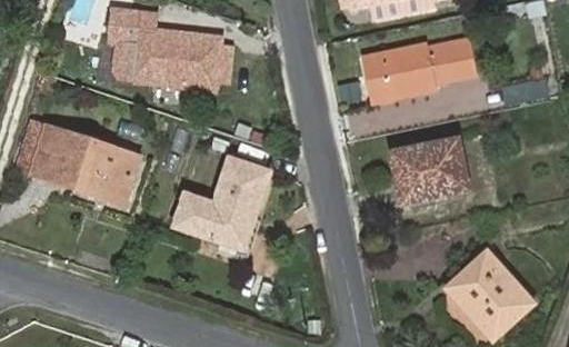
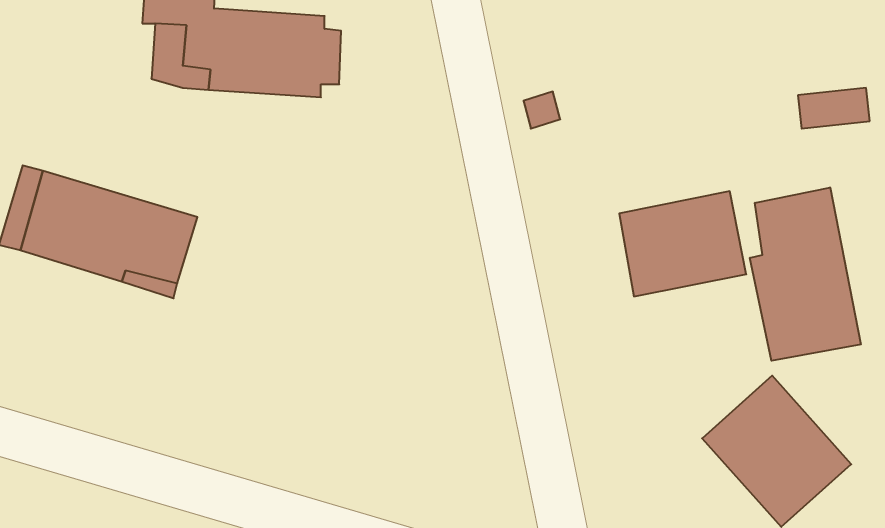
building: [362,38,473,100] -> none
building: none -> [750,187,861,361]
building: [177,152,269,244] -> none

